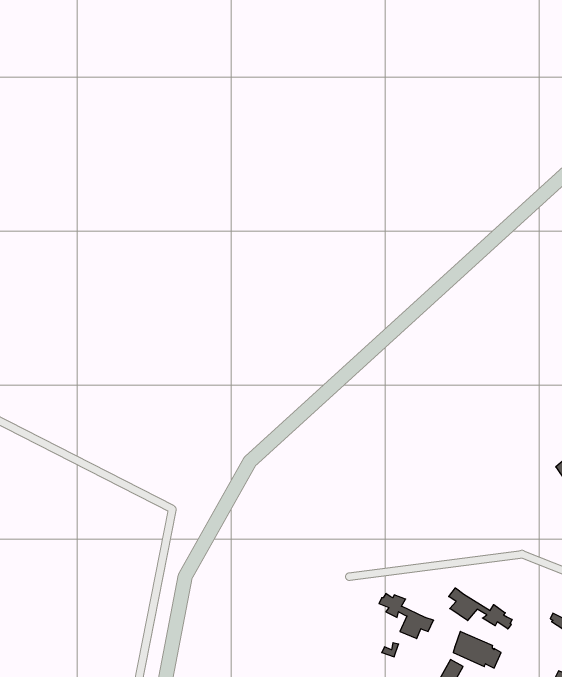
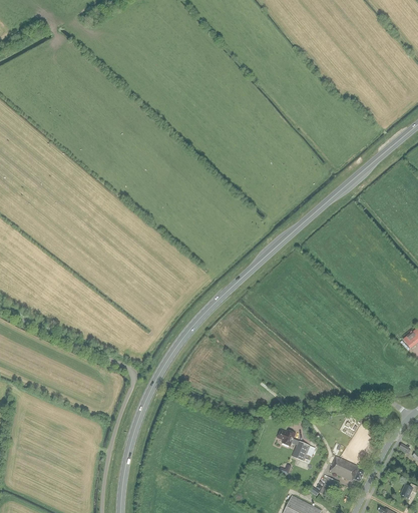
building: [449,588,512,629] -> none

